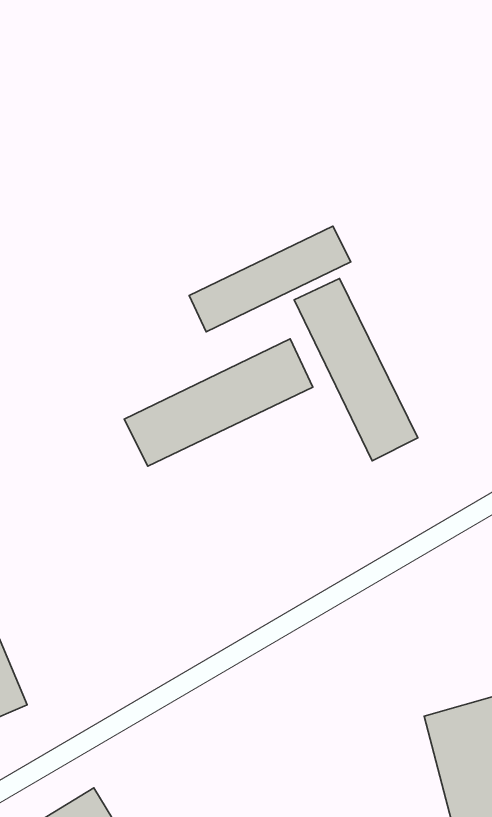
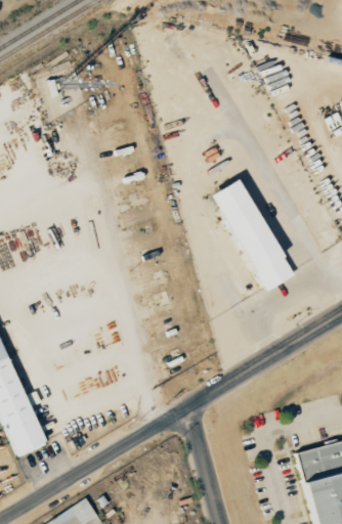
building: [189,226,351,332] -> none
building: [124,339,313,466] -> none

